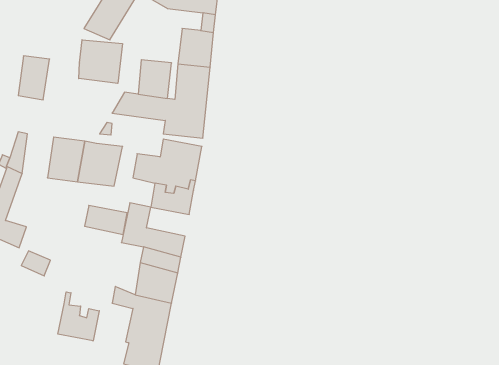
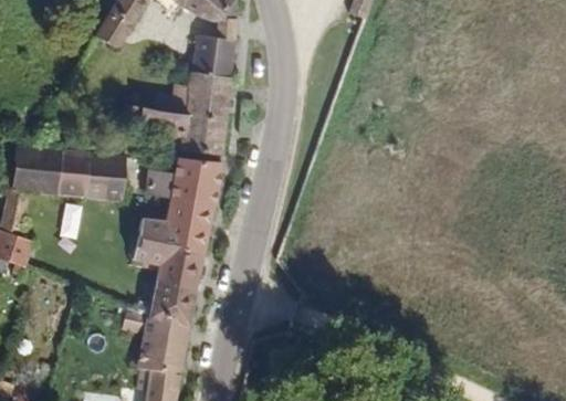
building: [79,40,122,83] -> none
building: [18,56,50,100] -> [30,150,63,197]
building: [85,205,127,235] -> [161,228,207,258]
building: [58,292,99,341] -> none

